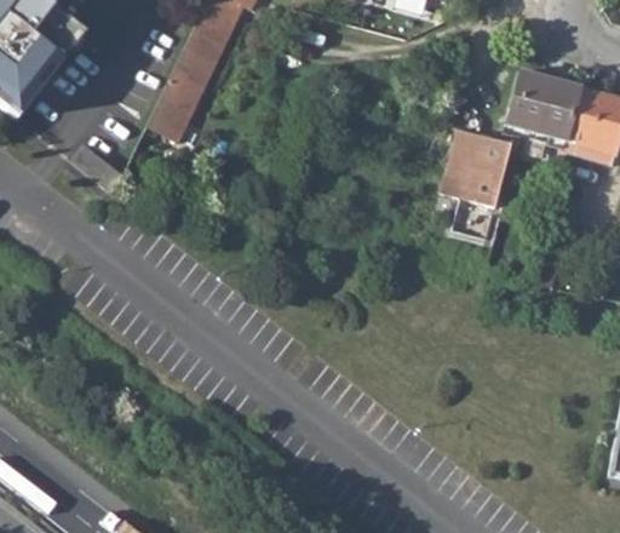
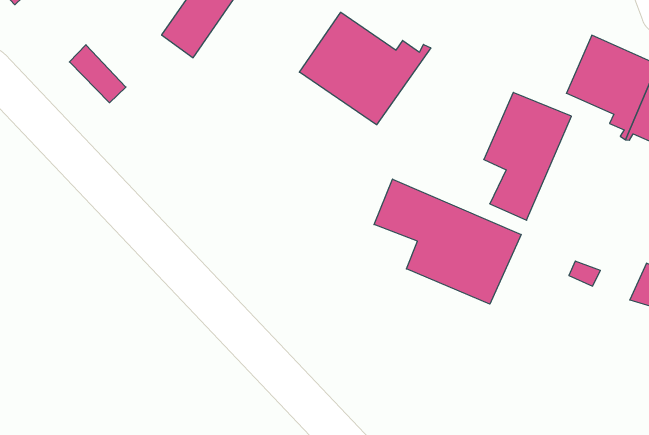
building: none -> [299,12,431,125]
building: none -> [374,179,521,304]

